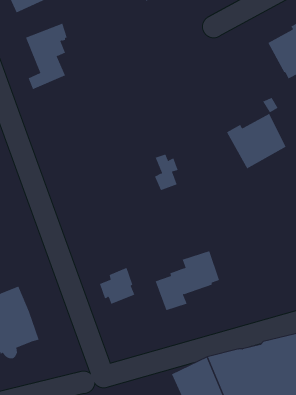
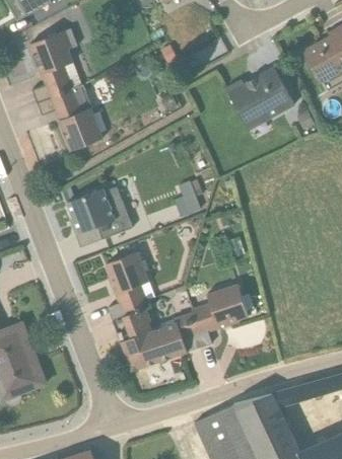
building: none -> [38,84,104,151]
building: [226,113,287,169] -> [226,68,294,131]
building: none -> [67,187,132,247]
building: none -> [106,252,156,321]
building: none -> [125,318,188,371]

